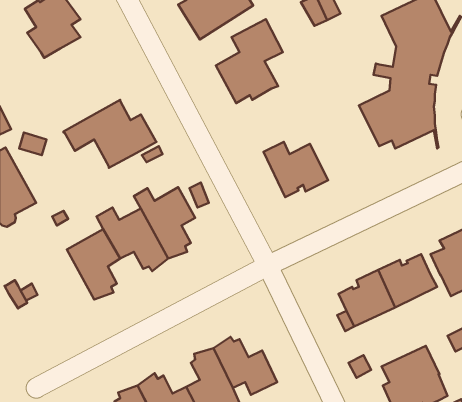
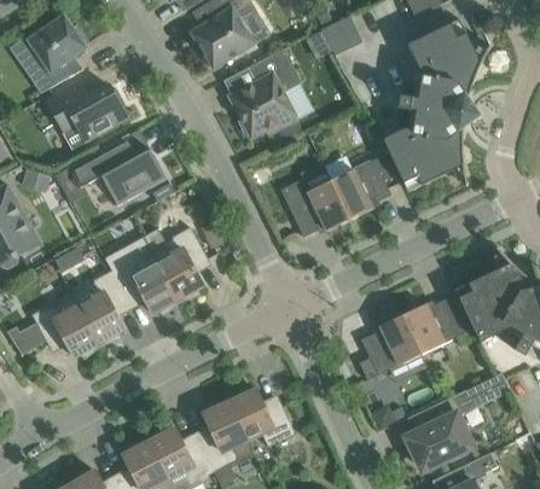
building: none -> [46,85,127,147]
building: none -> [330,155,394,219]
building: none -> [31,292,100,359]

